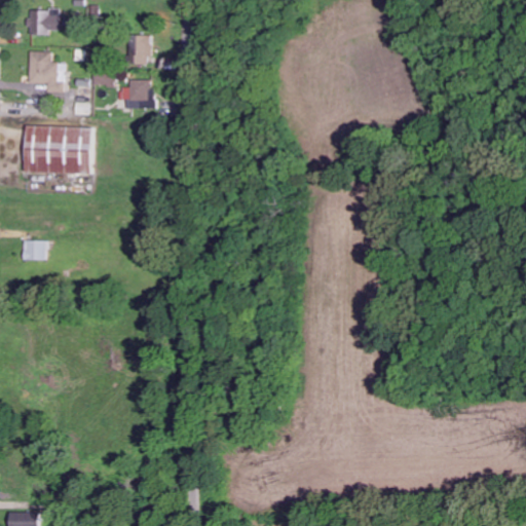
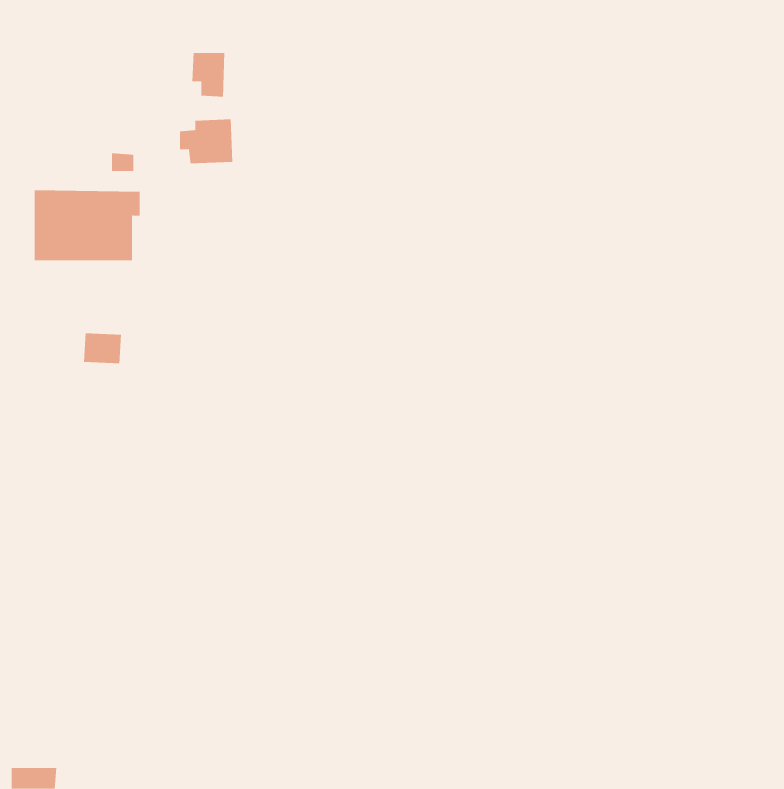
building: [27,9,60,35] -> none
building: [28,51,66,93] -> none
building: [22,240,47,261] -> [83,333,122,364]

